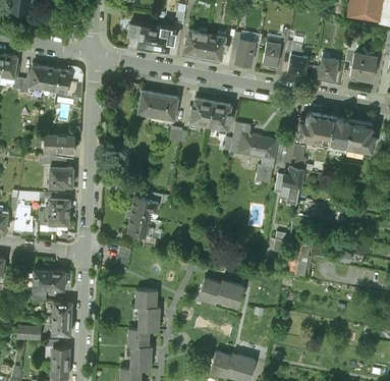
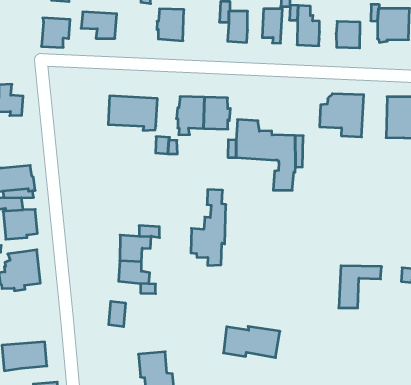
building: [153,26,177,51] -> [41,18,70,47]
building: [204,34,228,60] -> none
building: [328,117,351,152] -> none
building: [276,146,308,204] -> [191,190,226,265]

